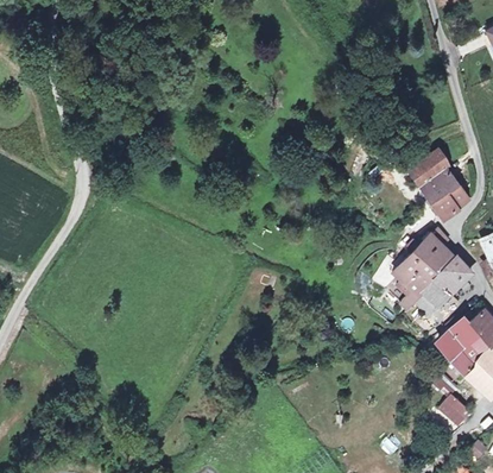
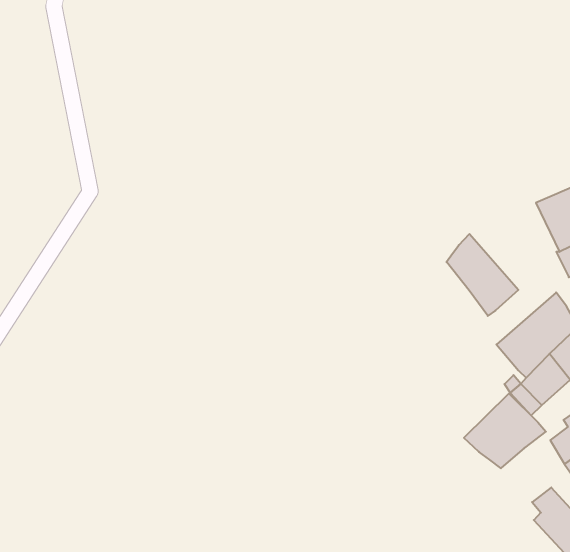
building: none -> [446,234,518,316]
building: none -> [464,394,546,468]

